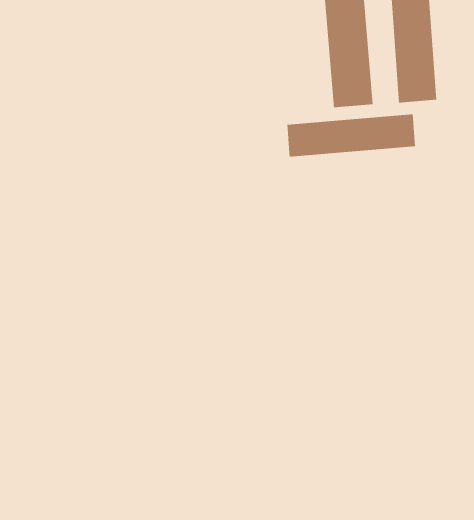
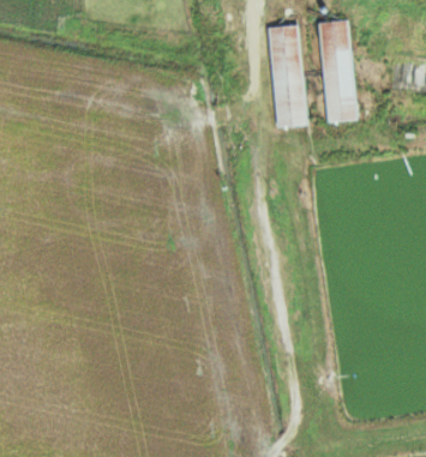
building: [287,113,416,157] -> none

